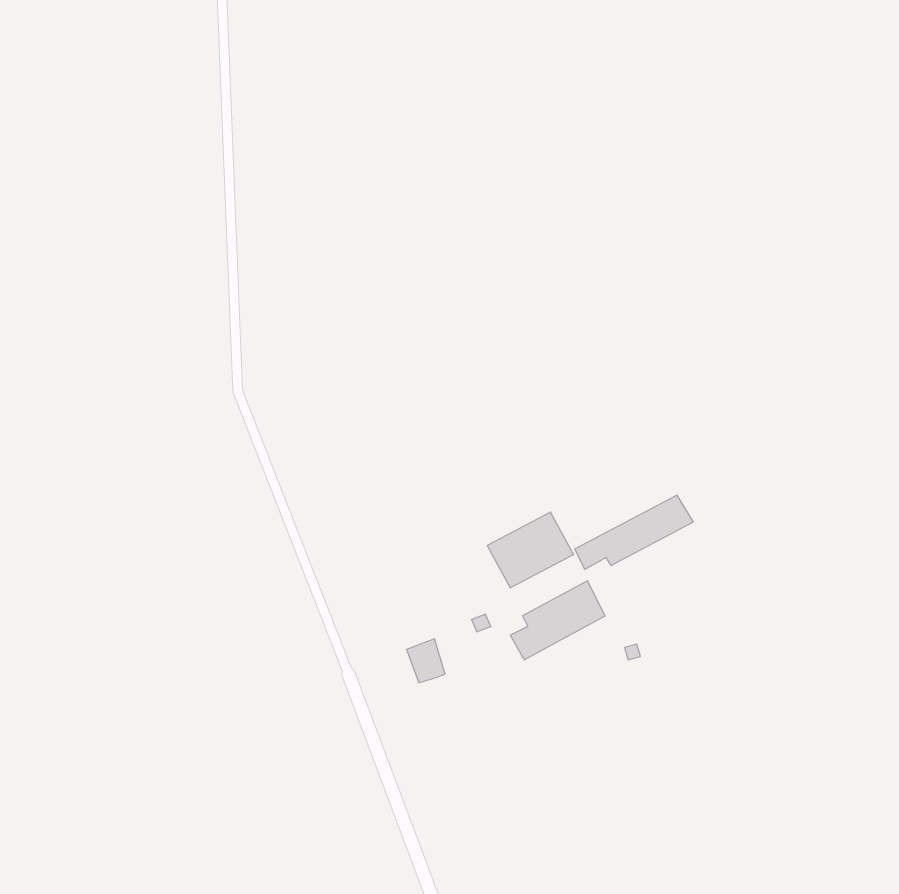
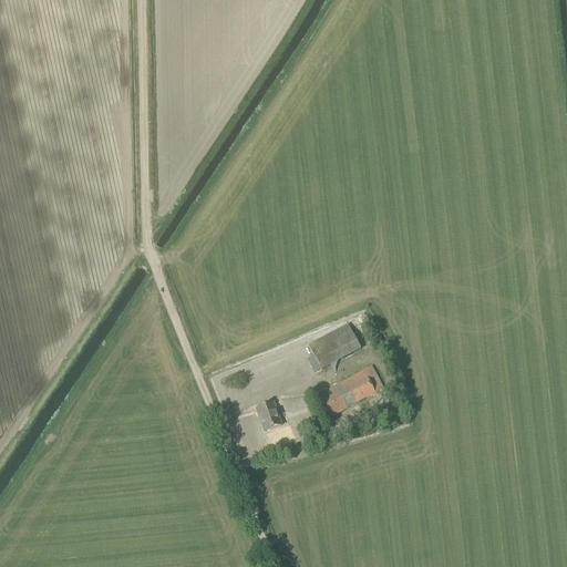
building: [575,495,693,569] -> none

